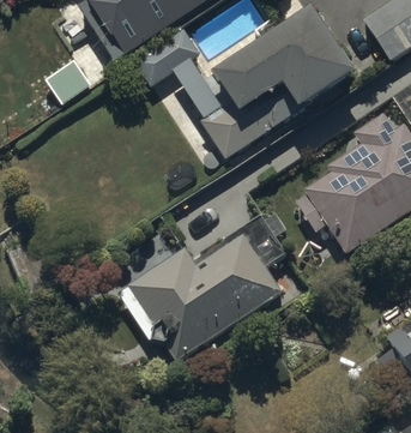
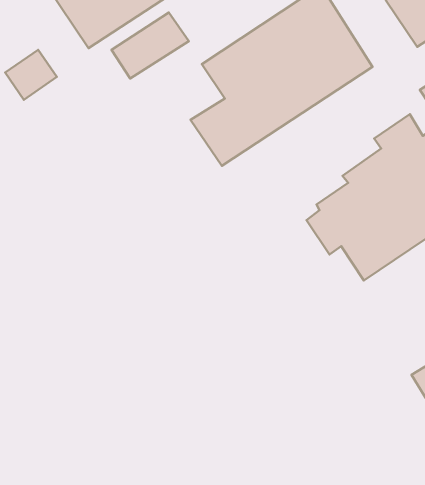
building: [129,210,285,360] -> none

